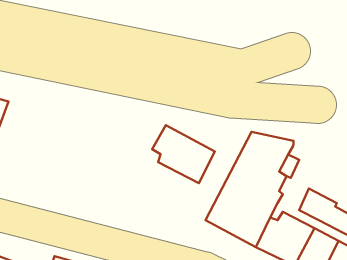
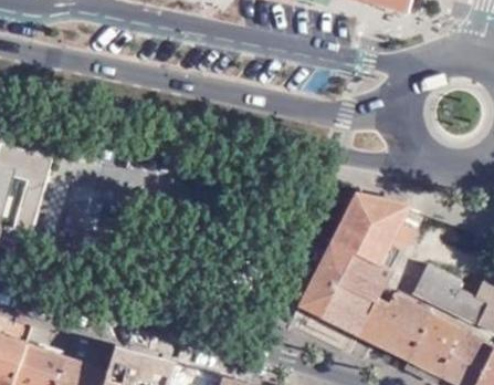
building: [152,125,215,183] -> none

